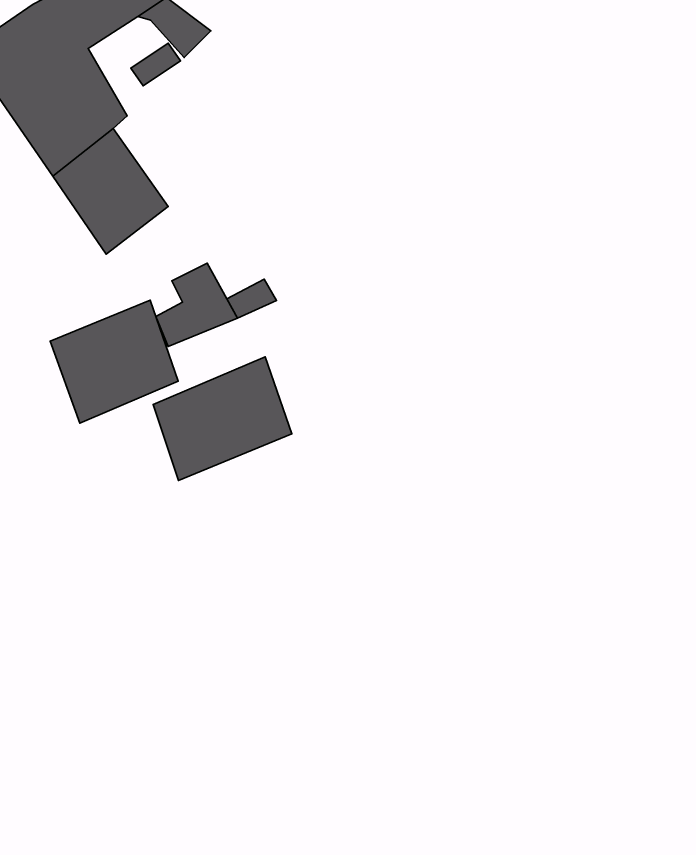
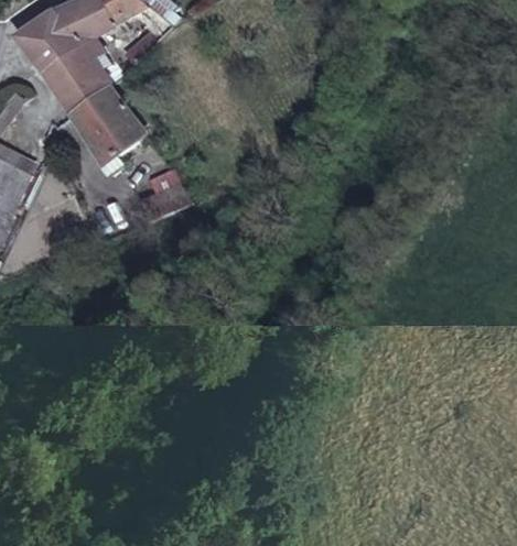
building: [50,300,178,423] -> none
building: [153,357,292,480] -> none

